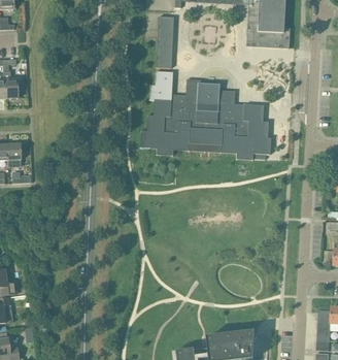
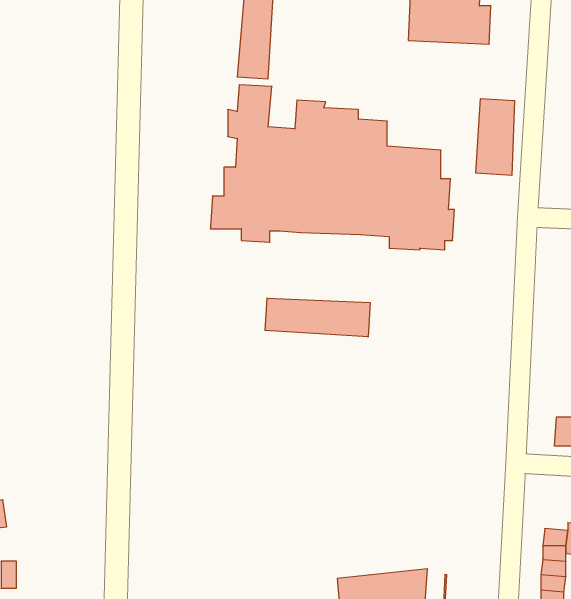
building: none -> [476,99,515,175]
building: none -> [265,298,370,337]

